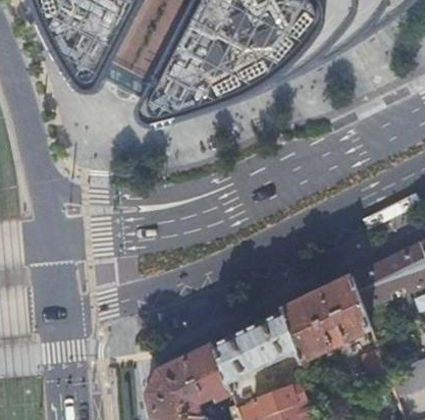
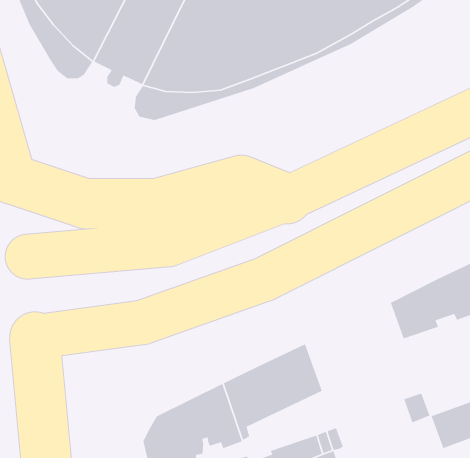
building: [282,276,370,361] -> none

